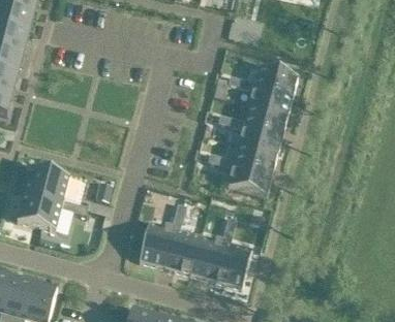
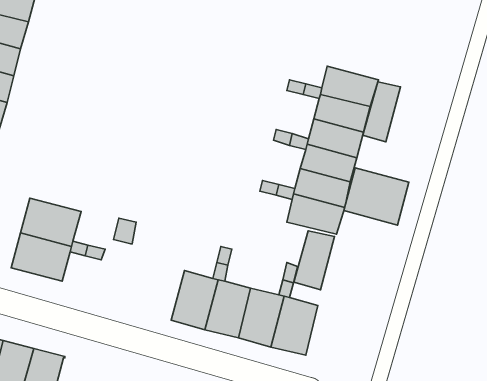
building: none -> [363,82,400,142]
building: none -> [344,168,409,225]
building: none -> [294,231,334,290]

